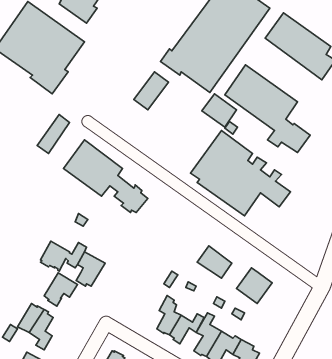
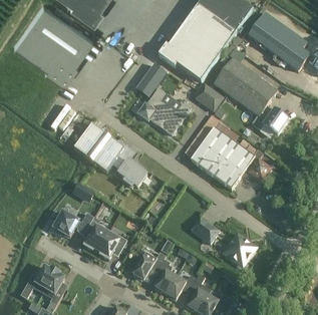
building: none -> [136,87,190,133]
building: [44,273,78,306] -> [97,230,126,259]
building: none -> [132,251,166,280]

